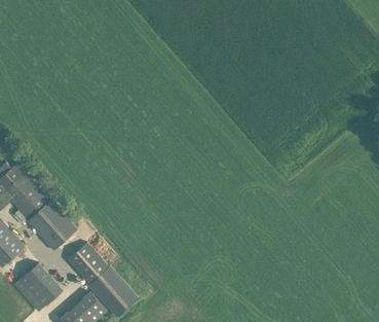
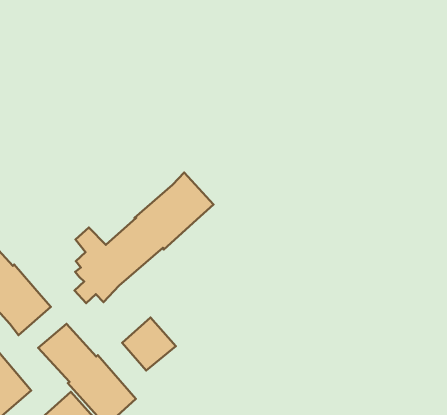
building: none -> [75,173,214,303]
building: none -> [122,317,176,370]

